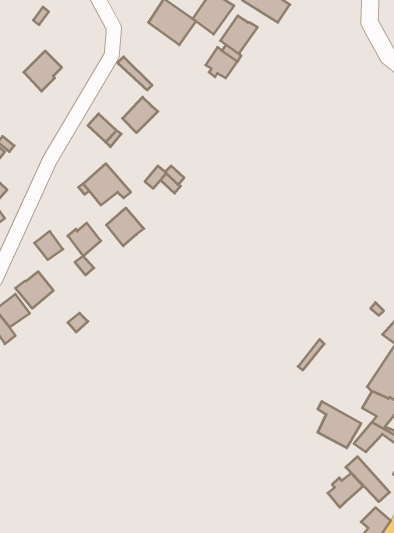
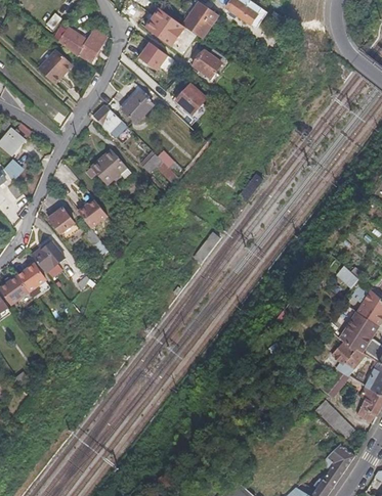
building: [220,16,257,54] -> none
building: none -> [55,26,105,62]
building: none -> [139,42,168,70]
building: none -> [178,82,208,112]
building: [106,208,144,246] -> none
building: [318,401,361,448] -> none
building: [328,473,363,507] -> none

